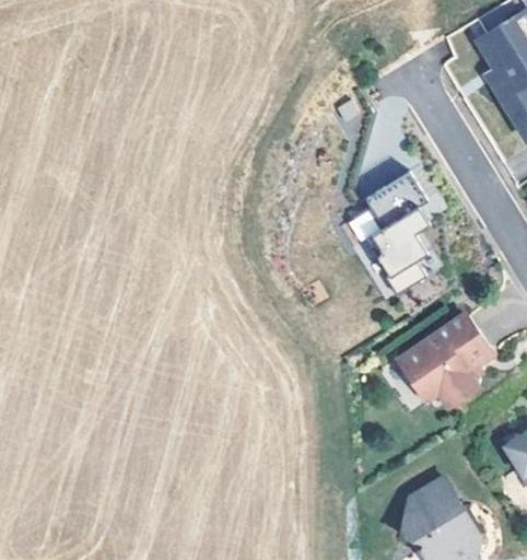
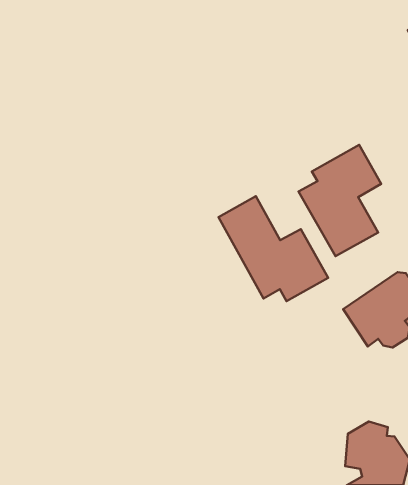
building: none -> [218,196,328,301]

